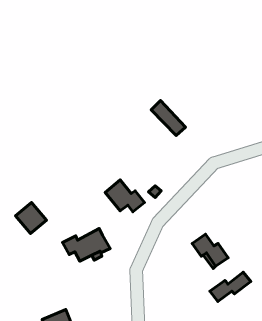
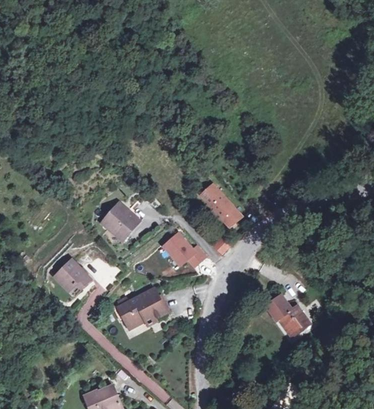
building: [151,100,186,136] -> [200,184,241,226]
building: none -> [103,203,139,239]
building: [210,272,251,301] -> none

